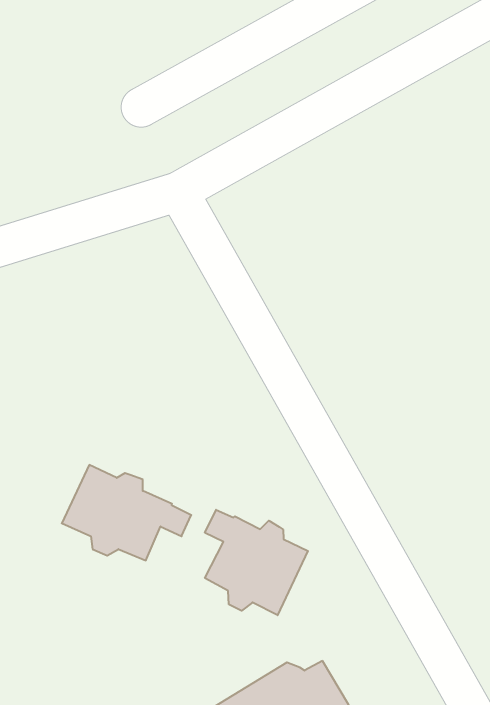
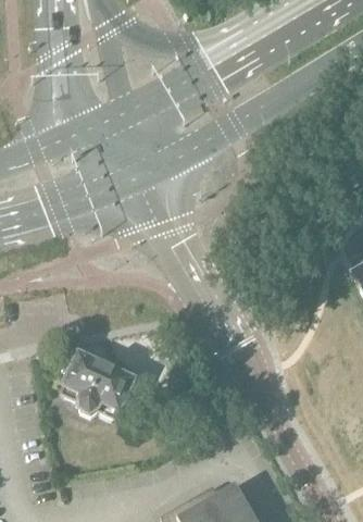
building: [205,510,308,615] -> none

